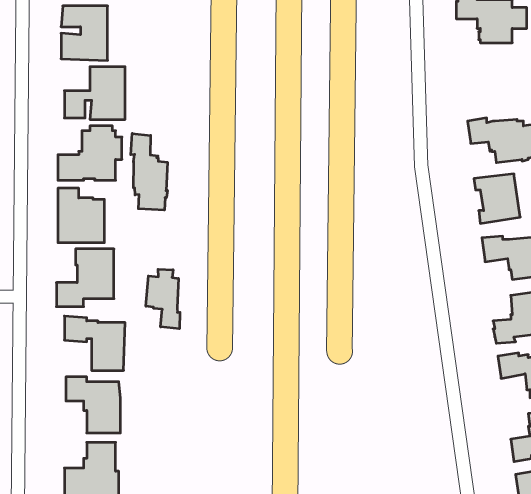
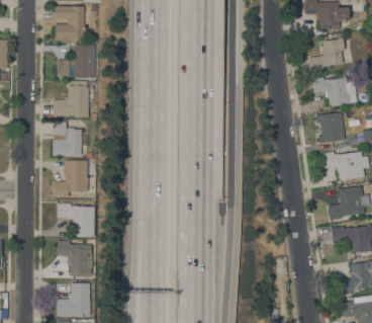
building: none -> [308,37,345,71]
building: [131,133,167,210] -> none
building: [146,269,180,329] -> none

